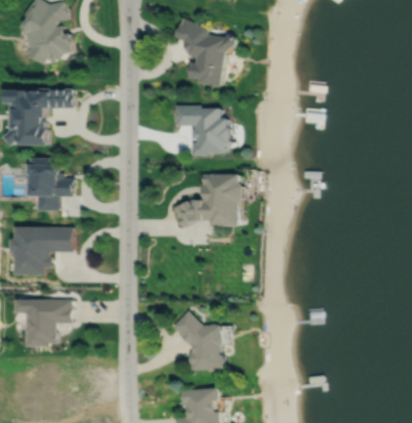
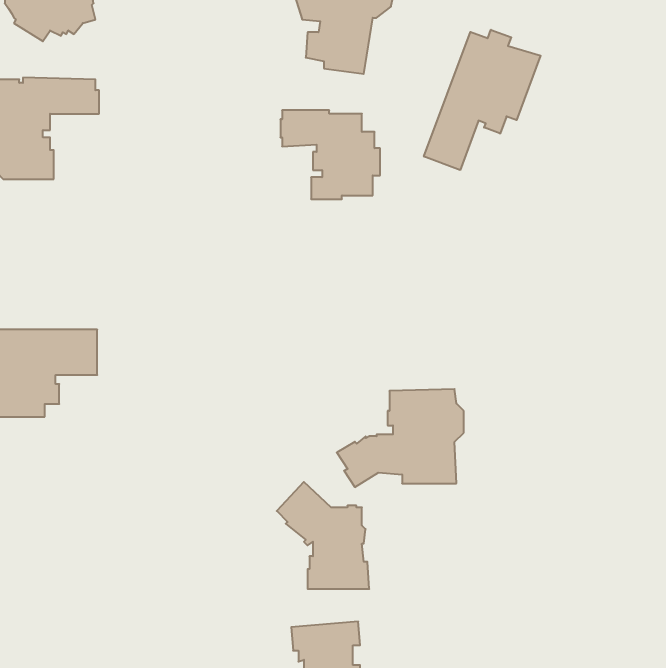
building: none -> [424,30,541,170]
building: [28,157,72,210] -> none
building: [173,173,243,227] -> [337,389,464,487]
building: [26,299,72,347] -> none

